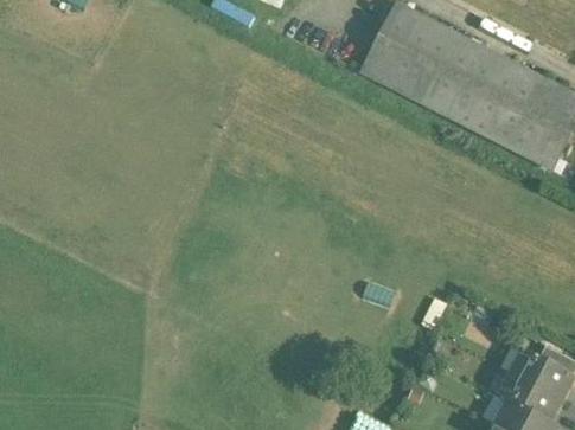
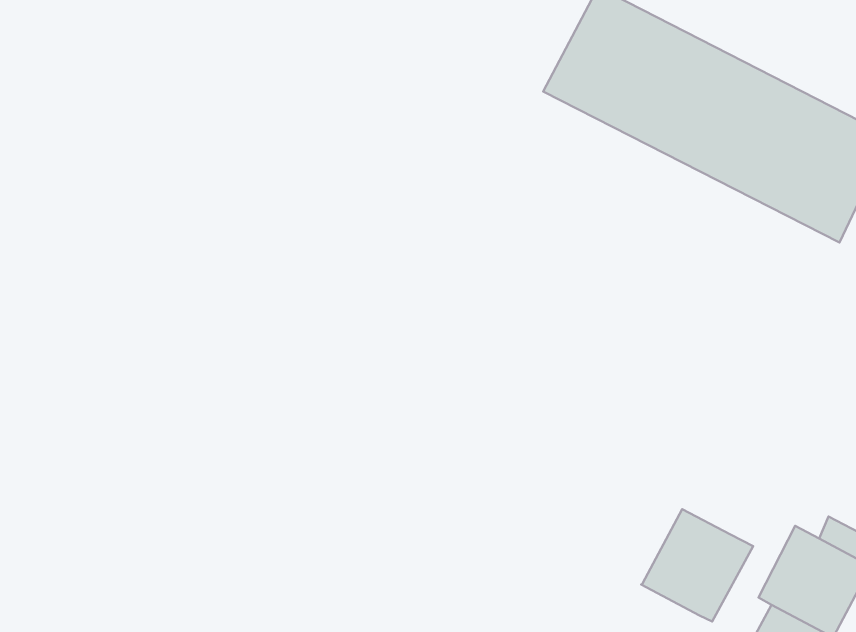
building: none -> [641,509,753,622]

